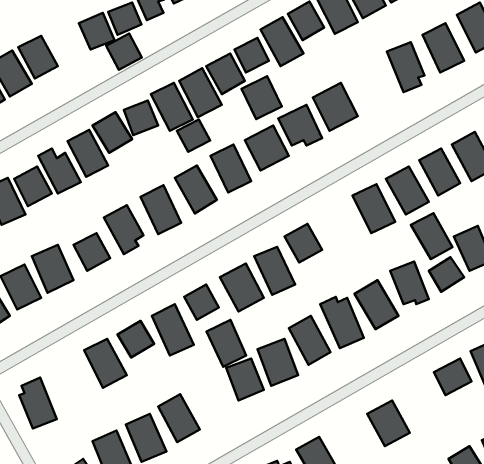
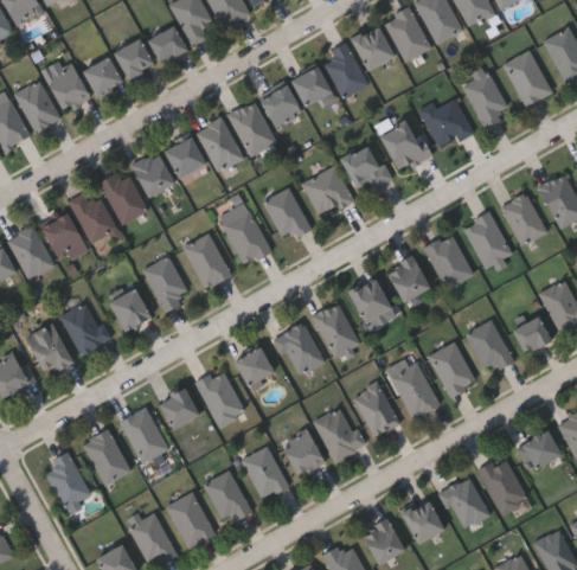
building: [106,33,142,70] -> [82,56,122,97]
building: none -> [419,97,472,148]
building: [241,76,282,119] -> none
building: [177,119,210,152] -> none
building: none -> [385,255,429,301]
building: [411,213,452,259] -> none
building: [206,320,246,367] -> [242,447,287,500]
building: none -> [82,429,130,485]
building: none -> [479,457,526,514]
building: none -> [400,499,443,544]

